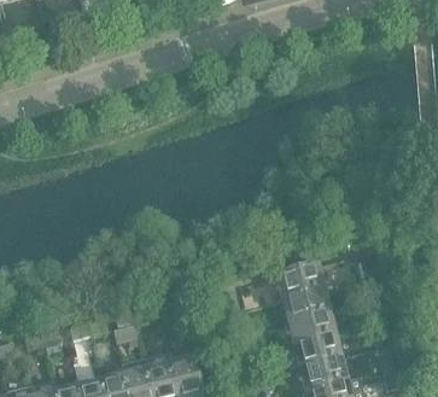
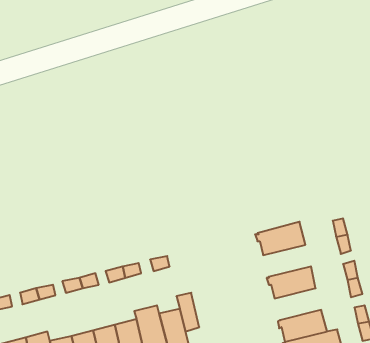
building: [280,286,333,320] -> none
building: [292,332,344,366] -> none

